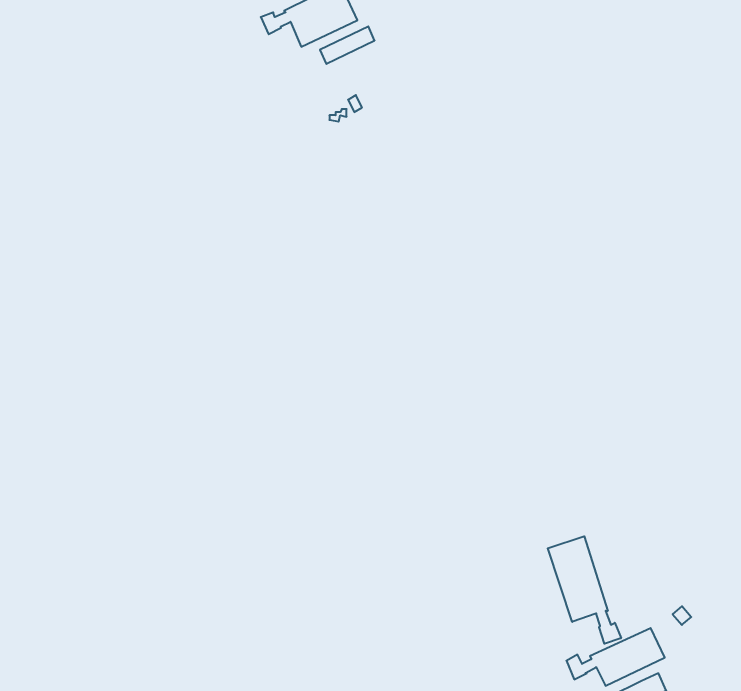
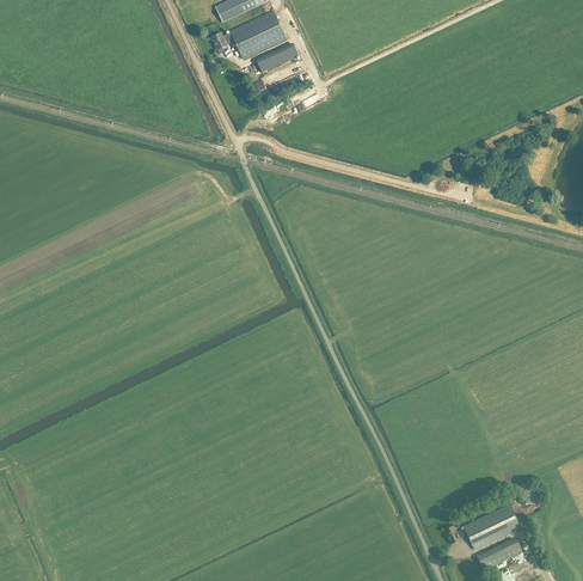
building: [548,536,621,644] -> none

